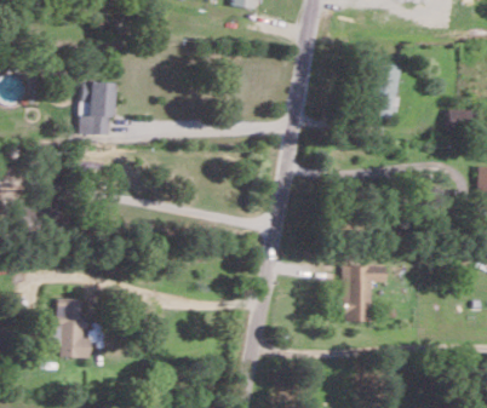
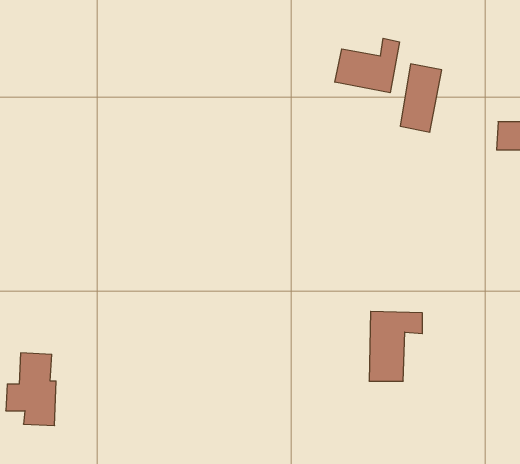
building: none -> [335,38,399,93]
building: [80,81,115,134] -> none

